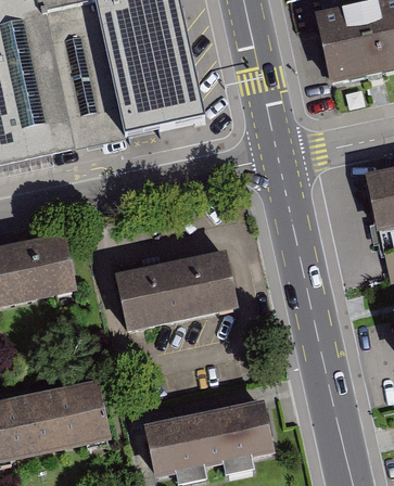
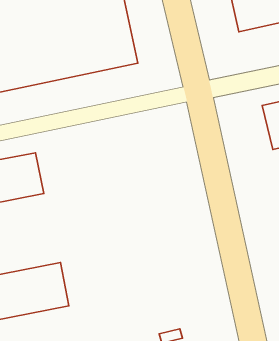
building: [117,252,237,327] -> none
building: [144,402,274,474] -> none

